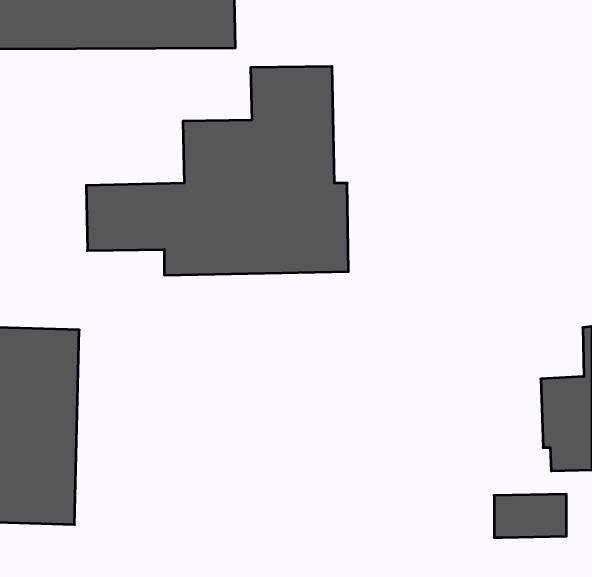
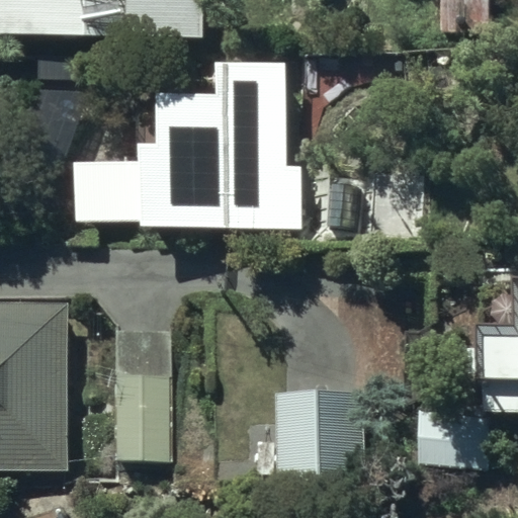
building: none -> [113,321,171,461]
building: none -> [274,375,347,468]

